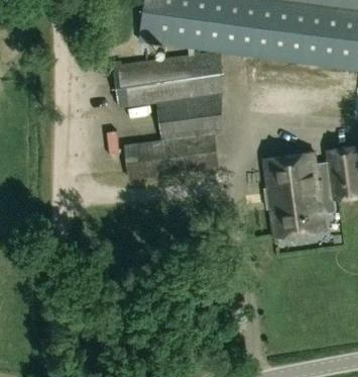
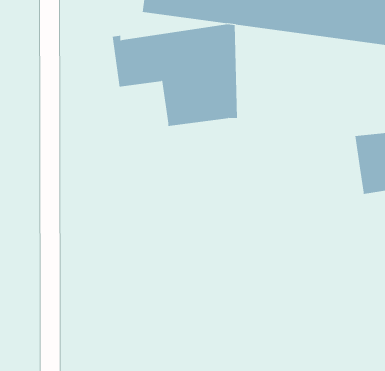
building: [121,134,218,180] -> none
building: [263,155,323,235] -> none

